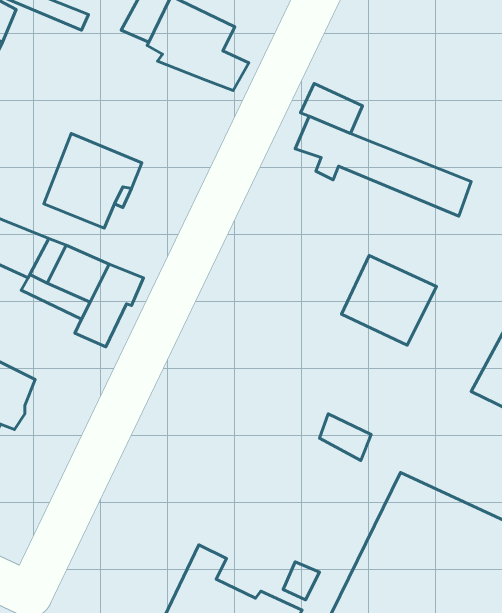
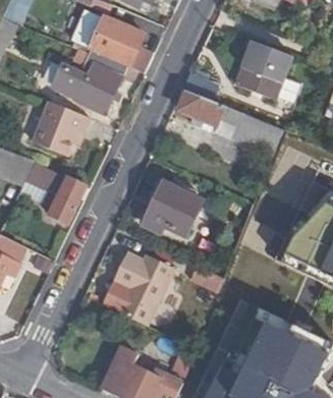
building: none -> [235,41,292,100]
building: none -> [55,57,126,114]
building: [342,255,436,345] -> [147,182,203,235]
building: none -> [113,253,172,326]

